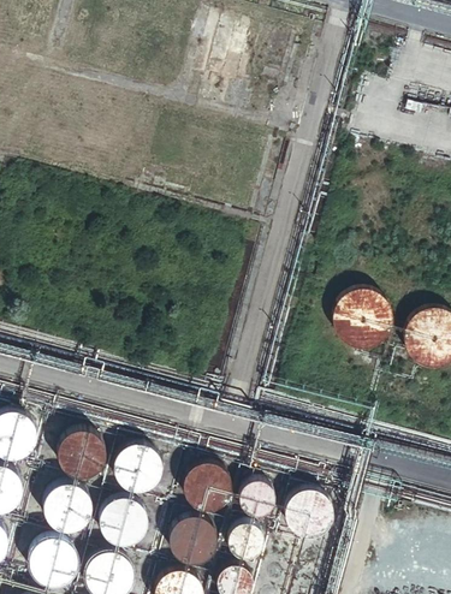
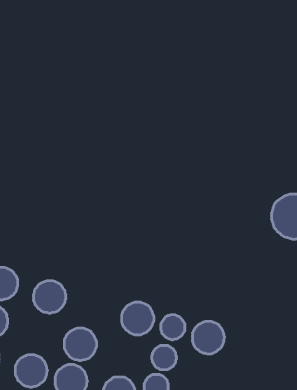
building: [331,287,396,352] -> none
building: [113,445,160,492] -> none
building: [44,485,91,531] -> none
building: [171,516,218,563] -> none

